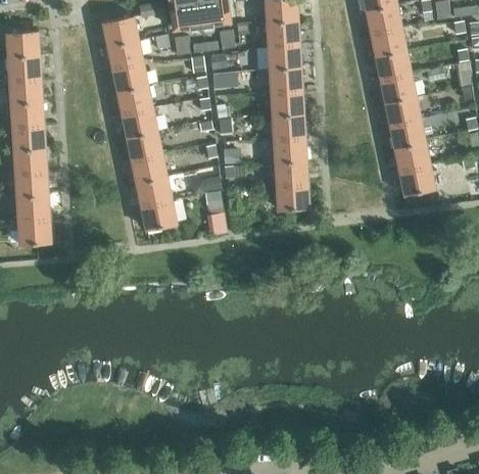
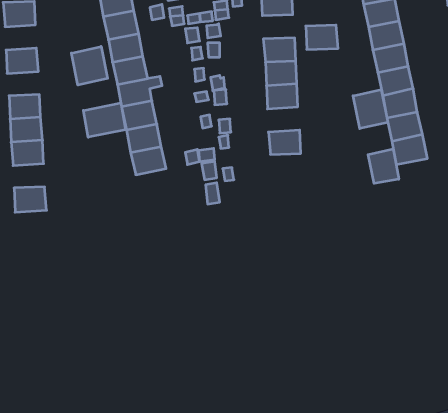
building: [268,44,300,68] -> [306,25,338,49]
building: [8,54,40,80] -> none
building: none -> [71,46,108,85]
building: [10,101,43,126] -> none
building: none -> [353,90,388,129]
building: none -> [83,103,126,137]
building: [273,137,305,162] -> none
building: none -> [368,149,399,183]
building: [276,184,307,209] -> none
building: [16,194,48,219] -> none
building: [140,199,175,229] -> none

